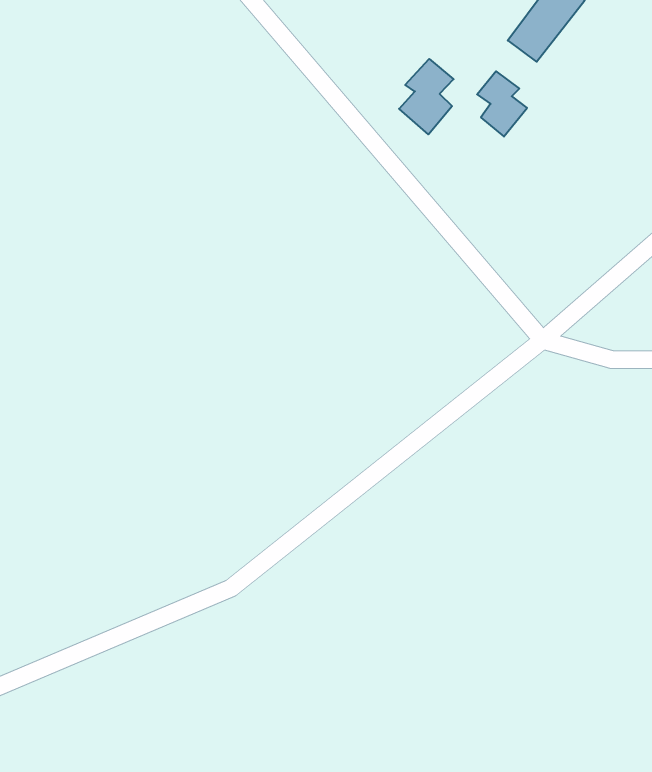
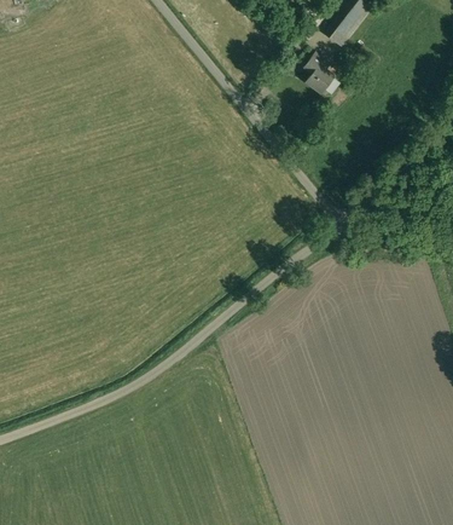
building: [399,59,454,134] -> none

